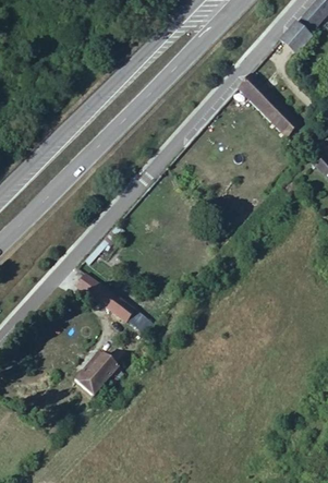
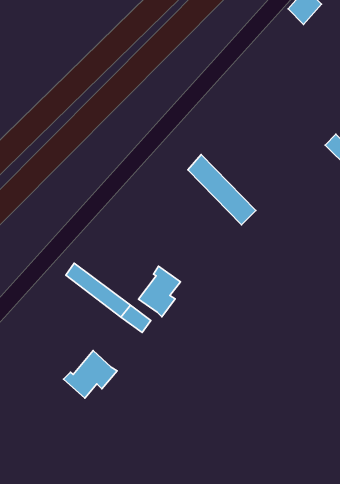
building: [236,72,299,136] -> [188,154,256,225]
building: none -> [138,266,180,317]

